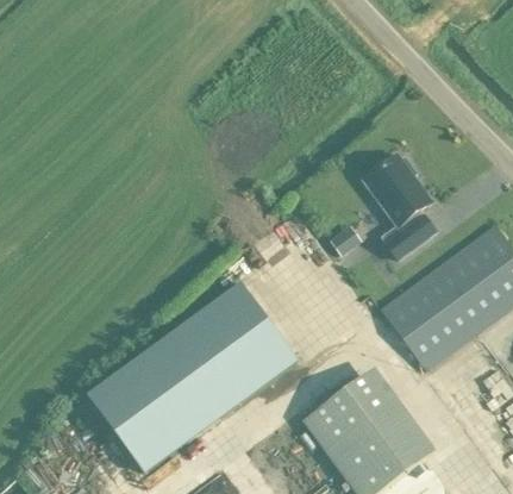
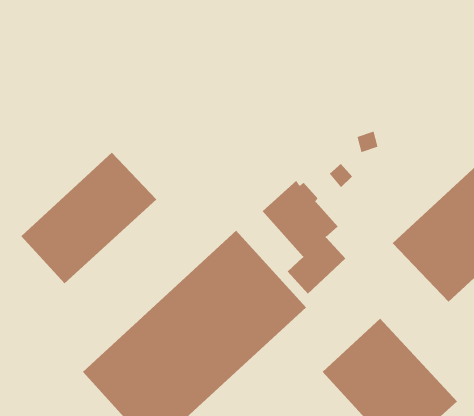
building: [364,155,436,259] -> [262,180,346,294]
building: none -> [20,152,157,284]

